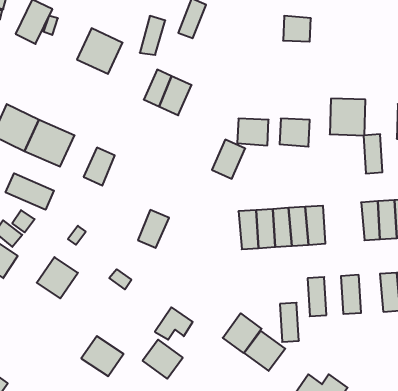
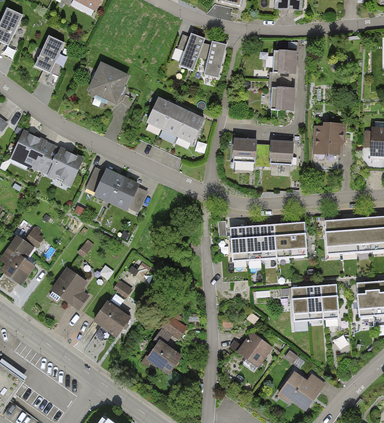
building: [140,16,165,55] -> [201,41,224,76]
building: none -> [269,87,294,112]
building: [364,134,382,173] -> [326,217,343,252]
building: [212,140,245,179] -> [177,112,207,147]
building: [6,173,54,210] -> none
building: [138,210,169,248] -> [109,175,137,209]
building: [280,303,299,342] -> [308,283,325,318]
building: [223,313,262,353] -> none
building: [81,336,124,376] -> [93,300,131,336]

